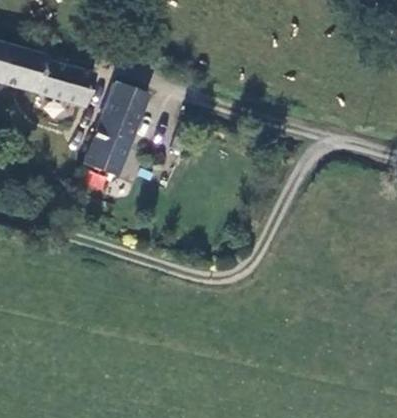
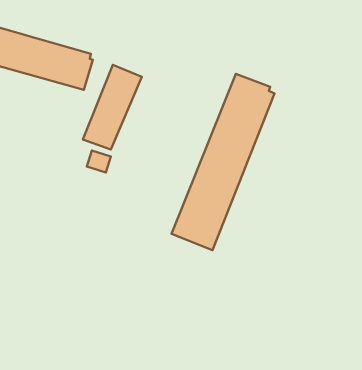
building: none -> [172,74,274,250]

